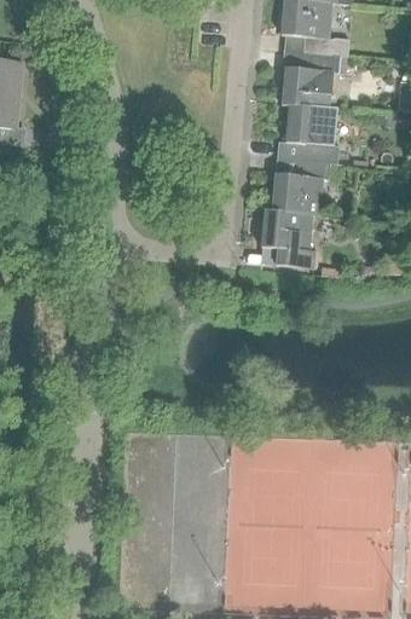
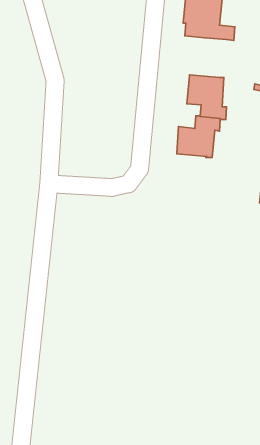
building: [282,53,338,106] -> none
building: [261,207,314,267] -> none

